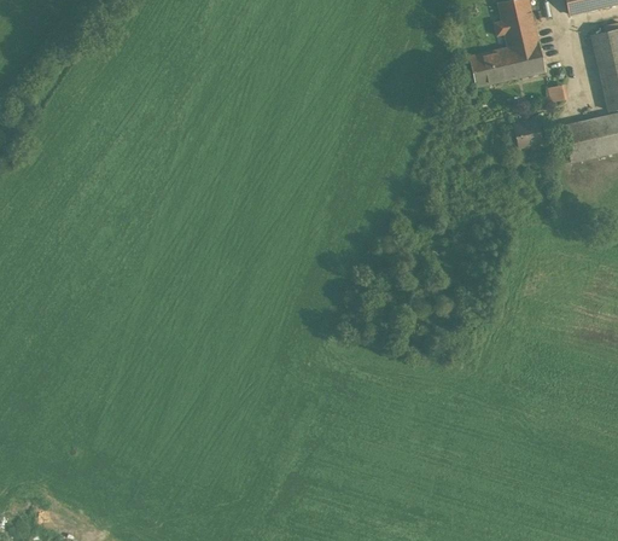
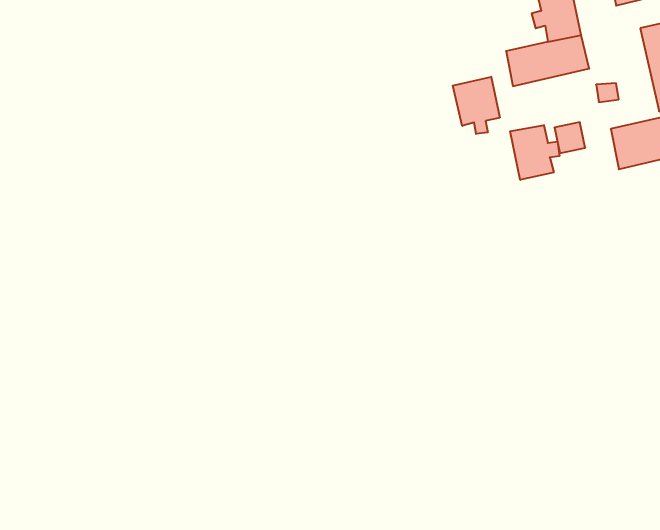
building: none -> [453,77,500,134]
building: none -> [510,125,559,180]

